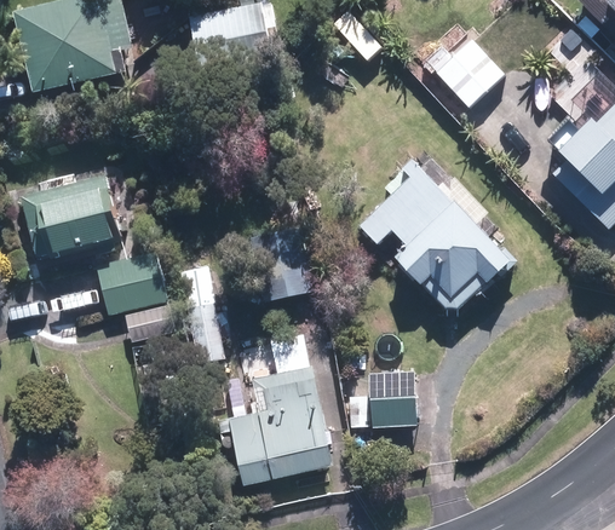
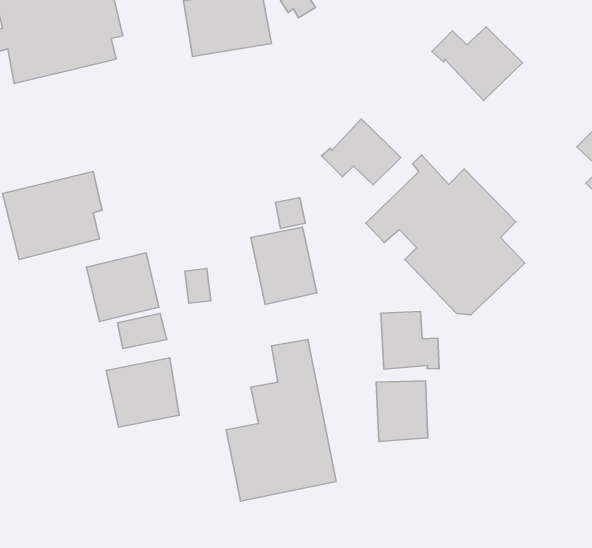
building: none -> [321,119,401,185]
building: none -> [381,311,439,369]
building: none -> [106,358,179,427]

